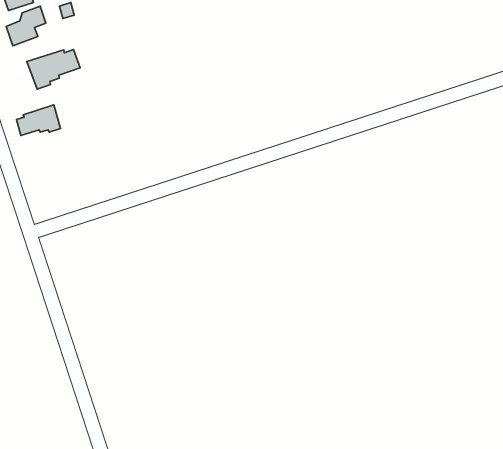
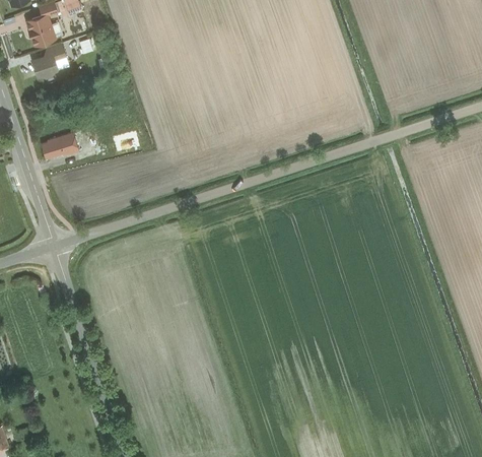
building: [27,49,80,89] -> none

